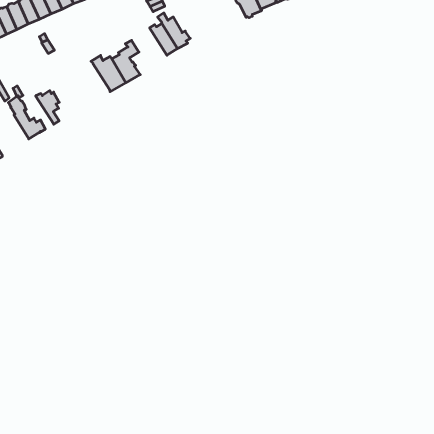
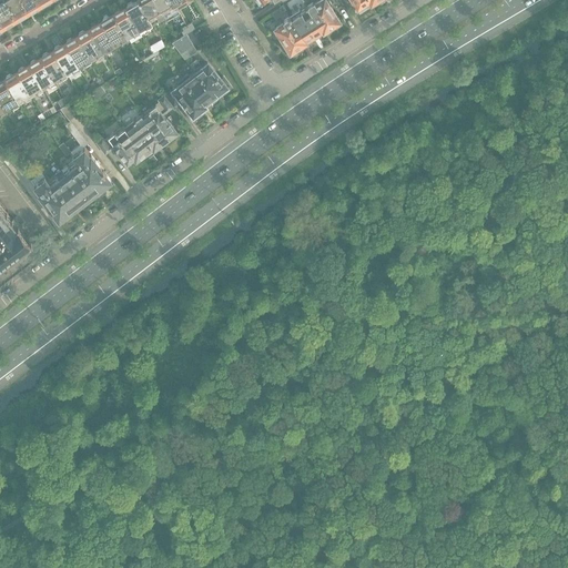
building: none -> [161,79,203,119]
building: none -> [57,123,109,196]
building: none -> [94,126,142,163]
building: none -> [48,171,83,207]

